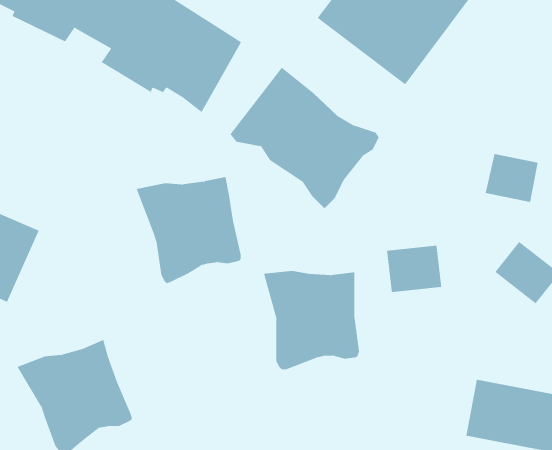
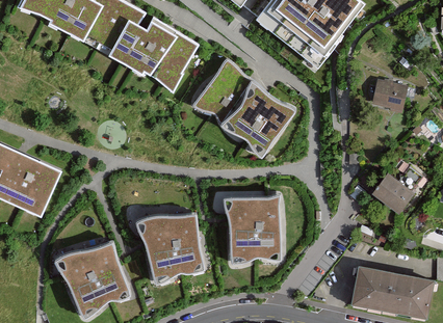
building: [485,153,538,202] -> [371,80,408,113]
building: [136,177,242,284] -> [129,212,201,285]
building: [387,245,442,293] -> none

